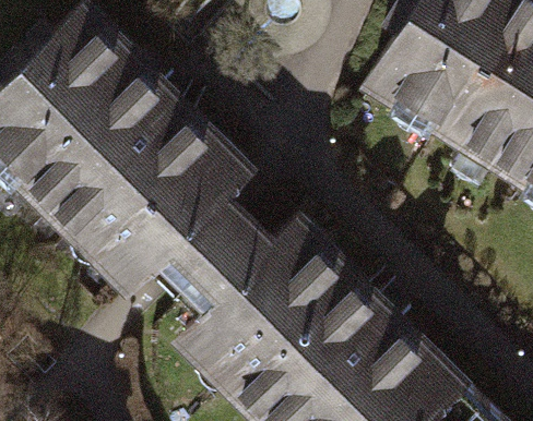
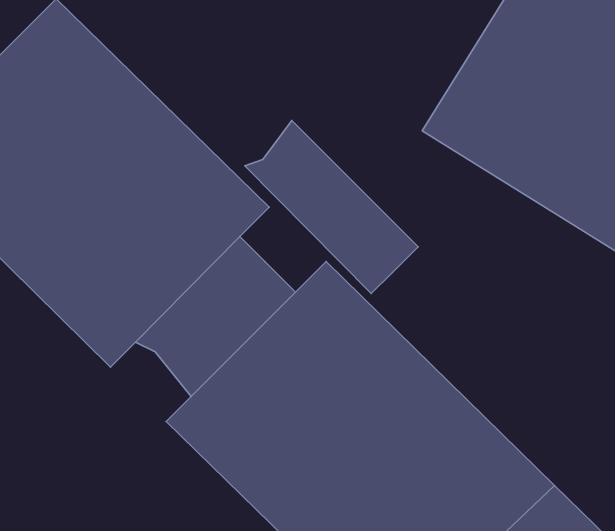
building: none -> [245,120,418,293]

